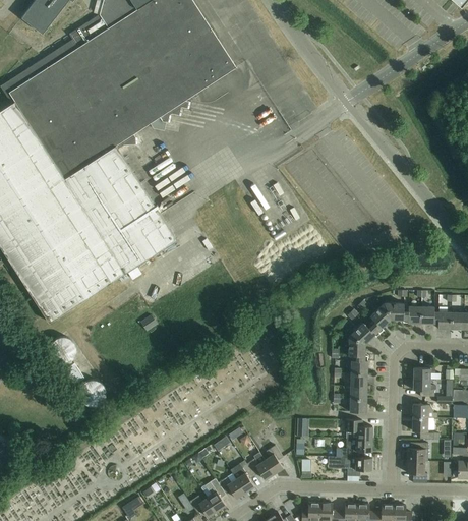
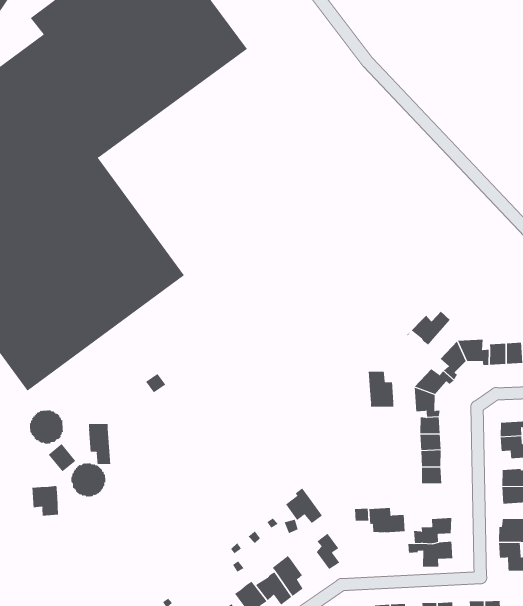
building: none -> [407,311,450,345]
building: none -> [368,371,394,407]
building: none -> [88,423,111,465]
building: none -> [32,485,58,516]
building: [344,420,371,440] -> [369,507,405,533]
building: [245,452,274,480] -> [285,488,323,524]

